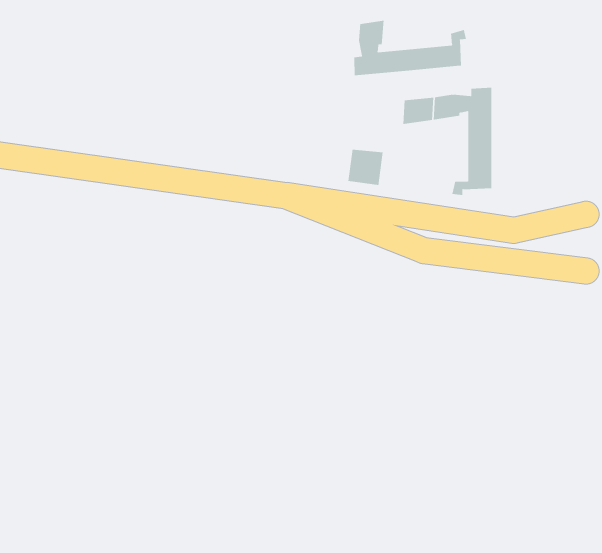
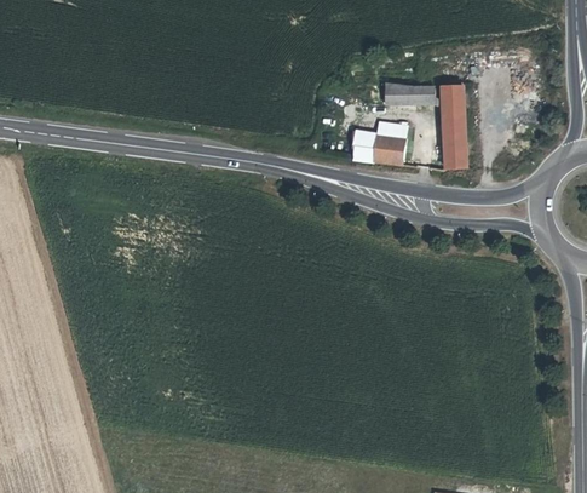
building: [354,20,467,76] -> none
building: none -> [372,133,403,164]

